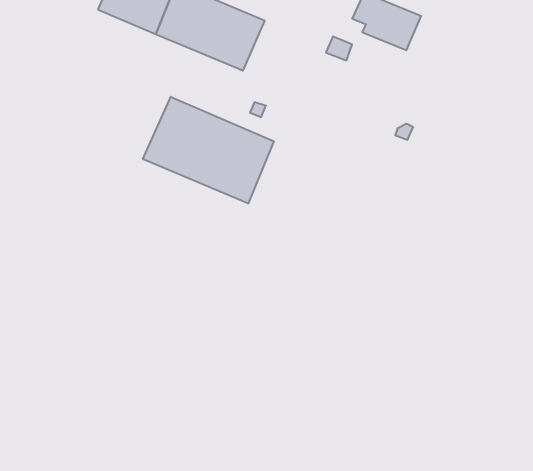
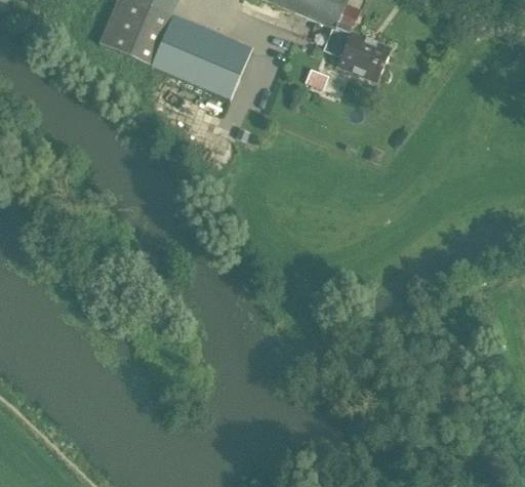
building: [143,97,274,204] -> none

